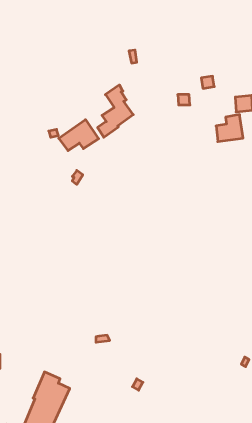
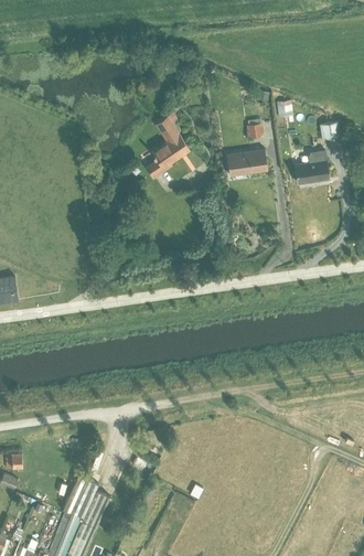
building: none -> [225,149,267,177]
building: [59,120,99,151] -> none

